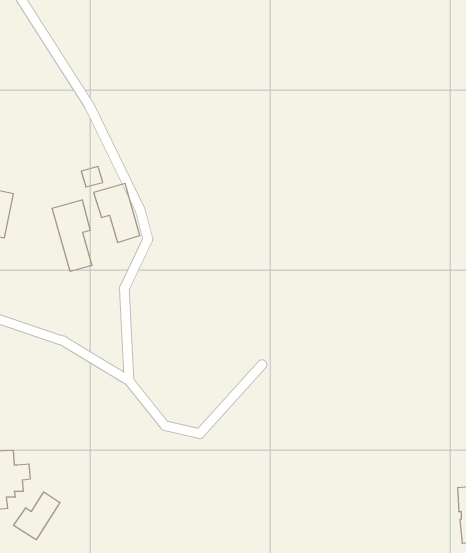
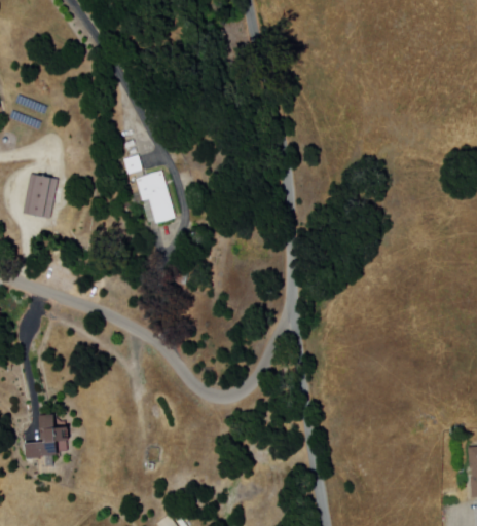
building: [52,200,92,271] -> none
building: [14,492,60,540] -> none

